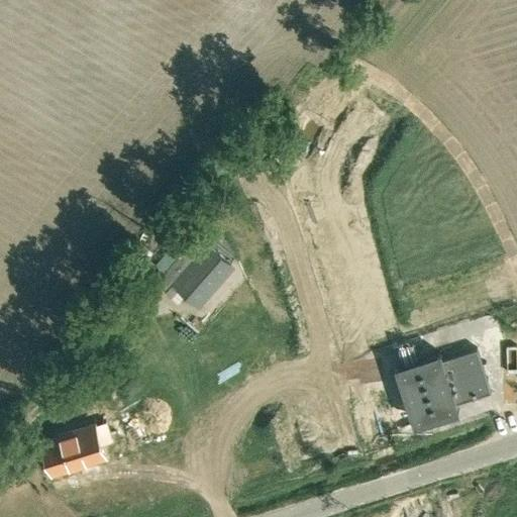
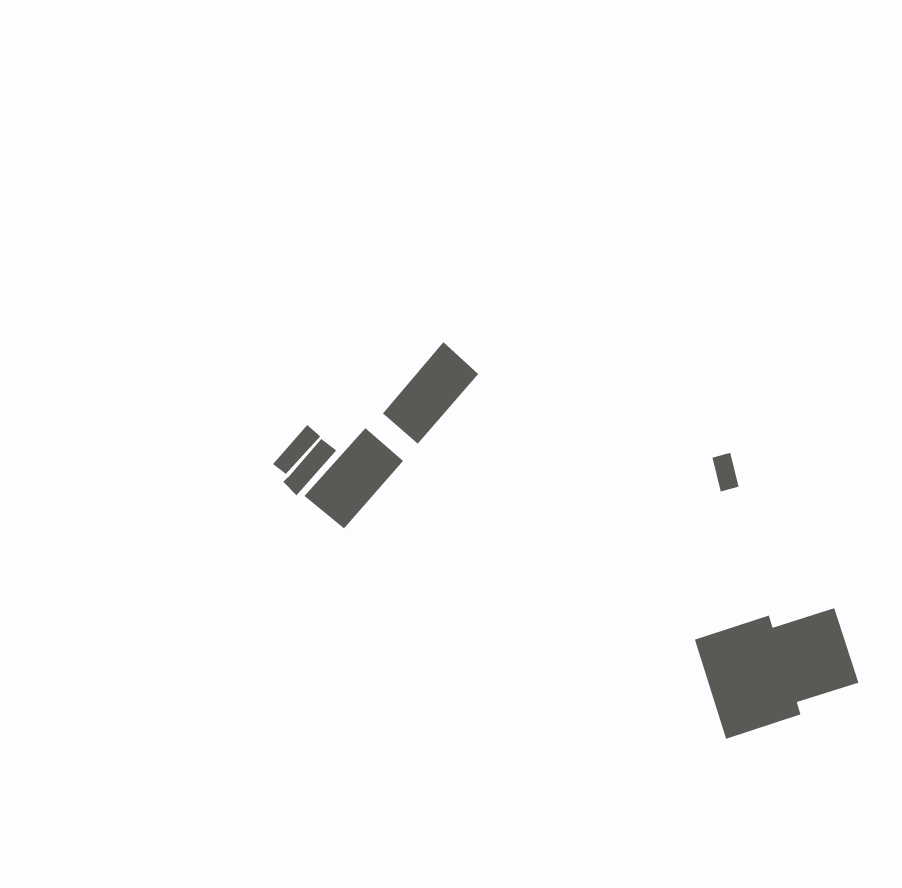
building: none -> [382,341,479,445]
building: [40,426,110,478] -> none

